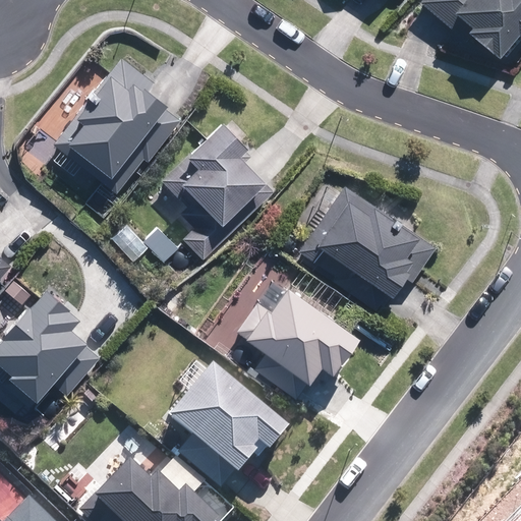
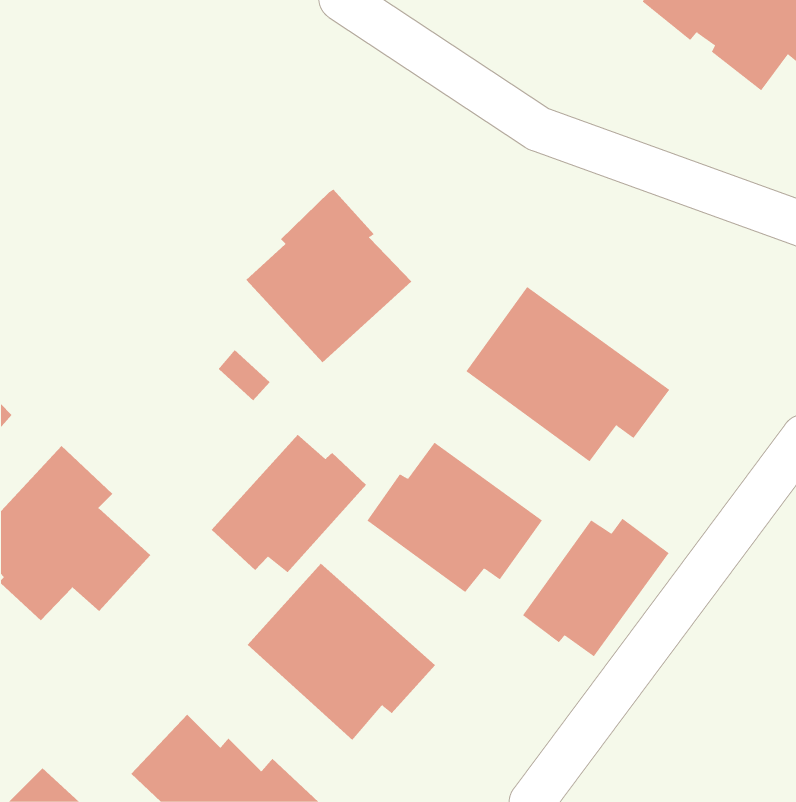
building: [56,58,183,191] -> none
building: none -> [211,434,367,573]
building: none -> [522,518,670,657]

